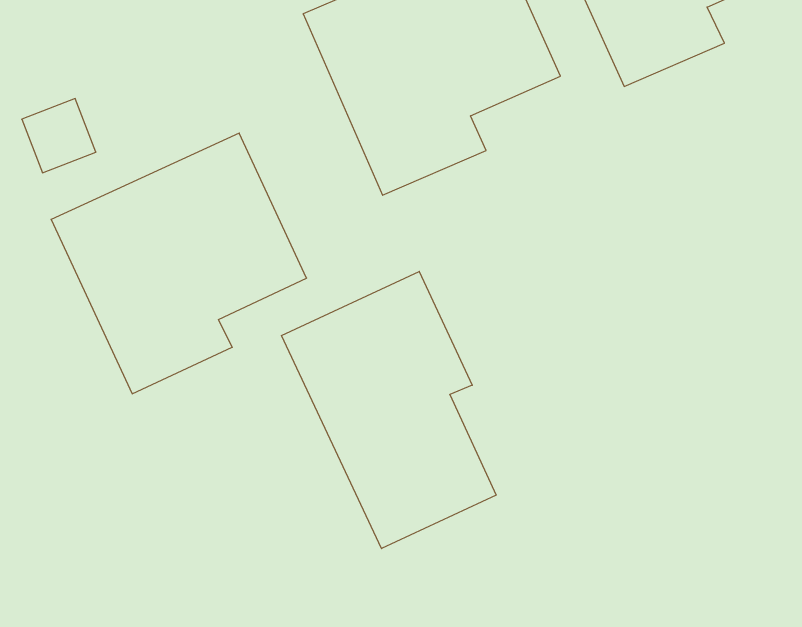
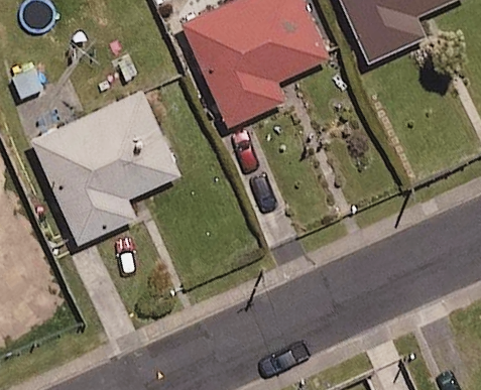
building: [281,271,496,549] -> none

